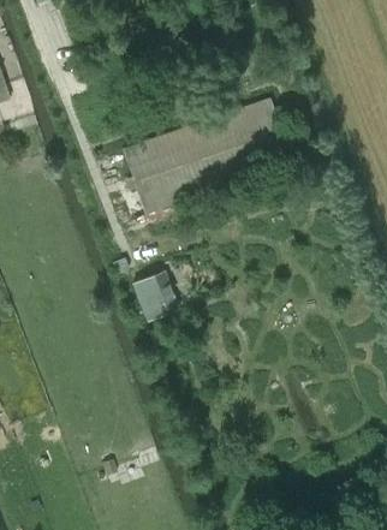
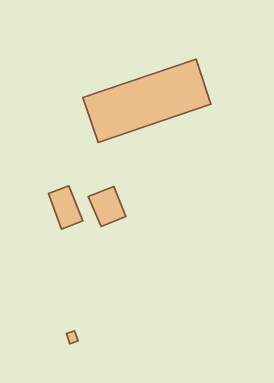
building: none -> [48,186,83,229]

